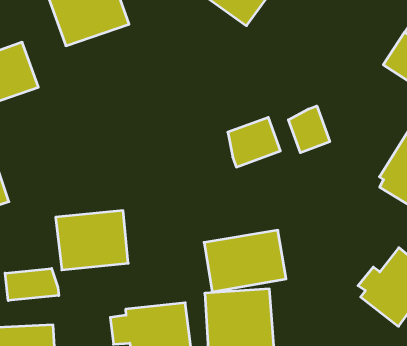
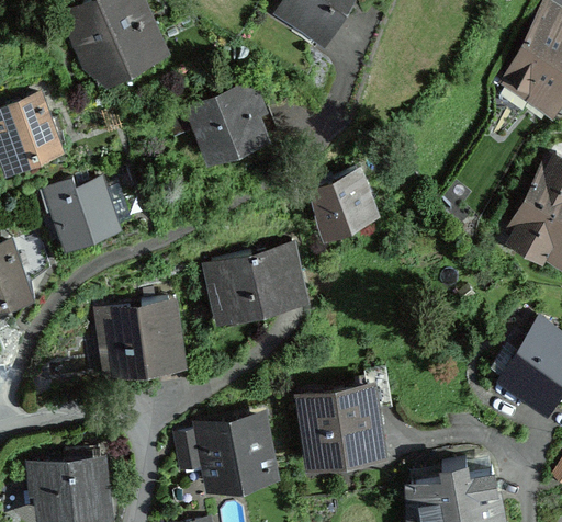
building: none -> [183,73,276,163]
building: [288,106,330,153] -> none
building: none -> [41,181,122,253]
building: [204,230,286,292] -> [202,242,311,328]
building: [5,268,59,301] -> none

